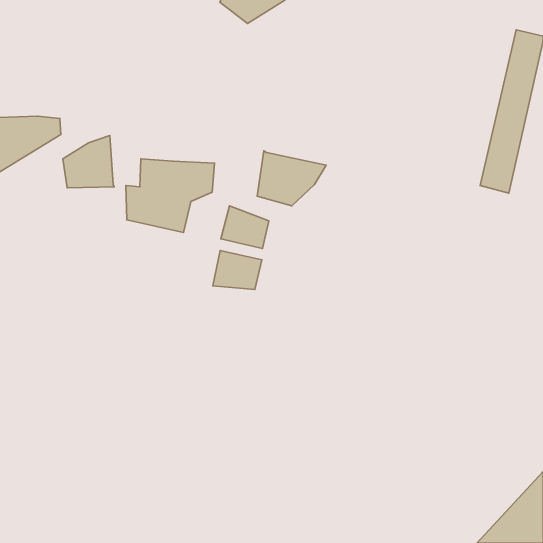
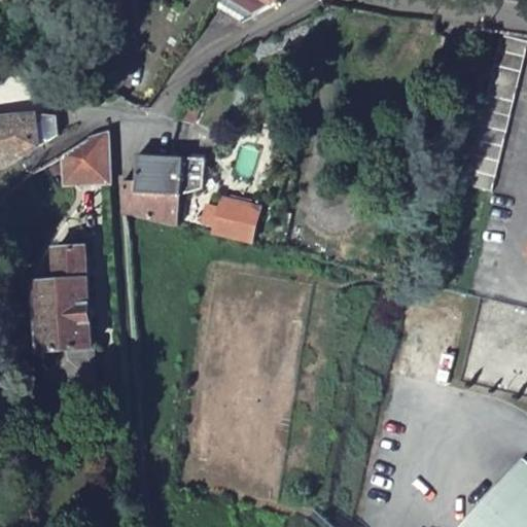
building: [257,151,326,206] -> none
building: [213,250,262,289] -> none
building: none -> [34,245,95,383]

